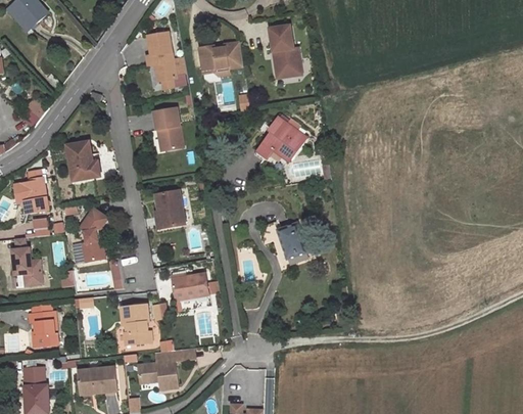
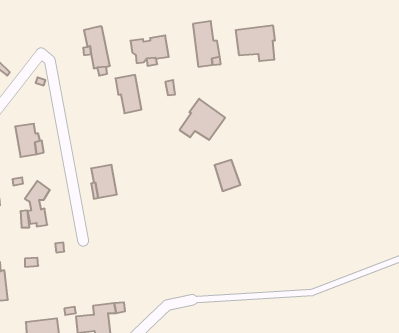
building: none -> [236,25,275,61]
building: [152,107,182,151] -> [115,75,141,113]
building: [277,223,306,259] -> [214,160,240,191]
building: [171,272,218,300] -> none
building: [122,304,151,343] -> none

